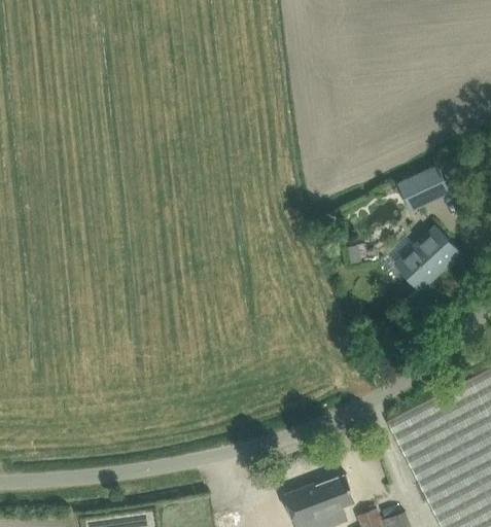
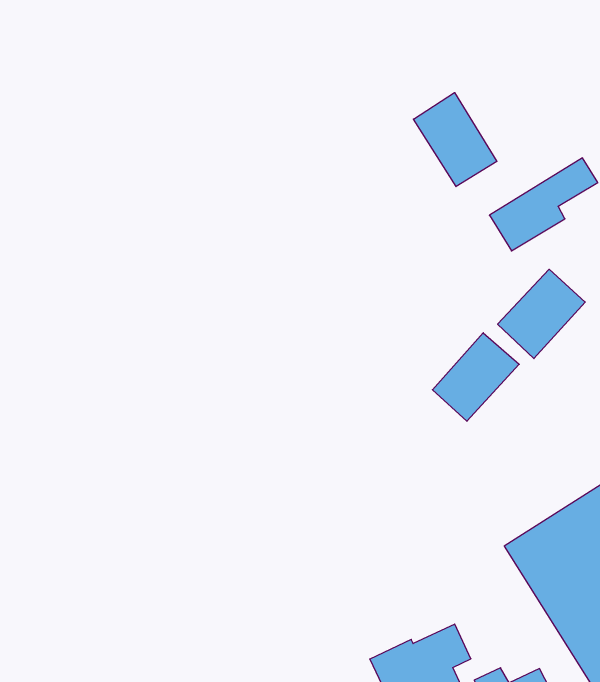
building: none -> [413,93,497,187]
building: none -> [432,333,519,421]

